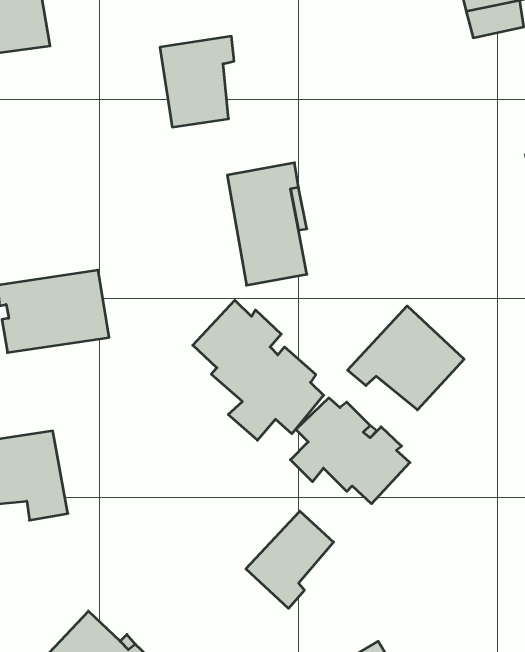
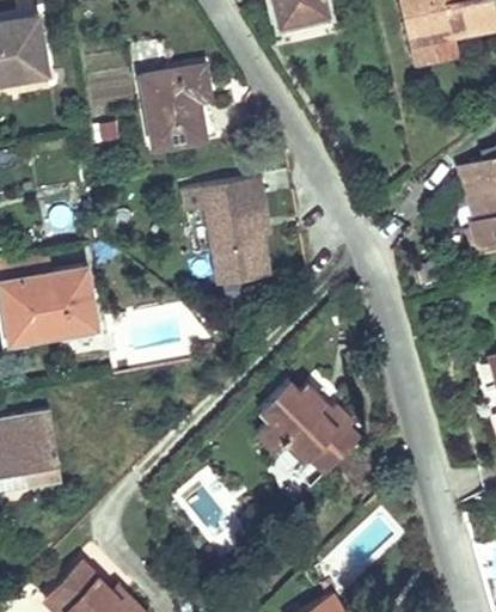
building: [193,300,324,440] -> none
building: [348,306,464,410] -> none
building: [246,511,334,608] -> none

